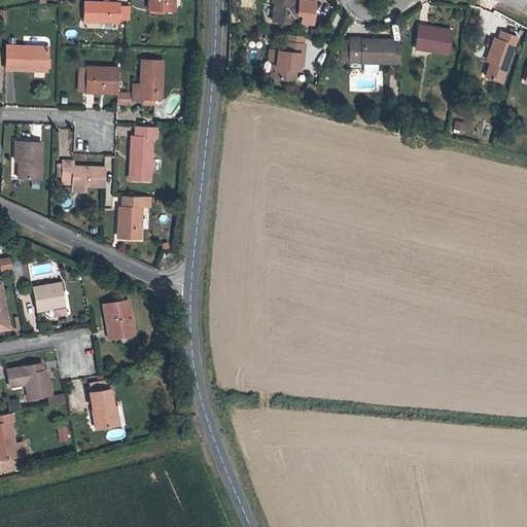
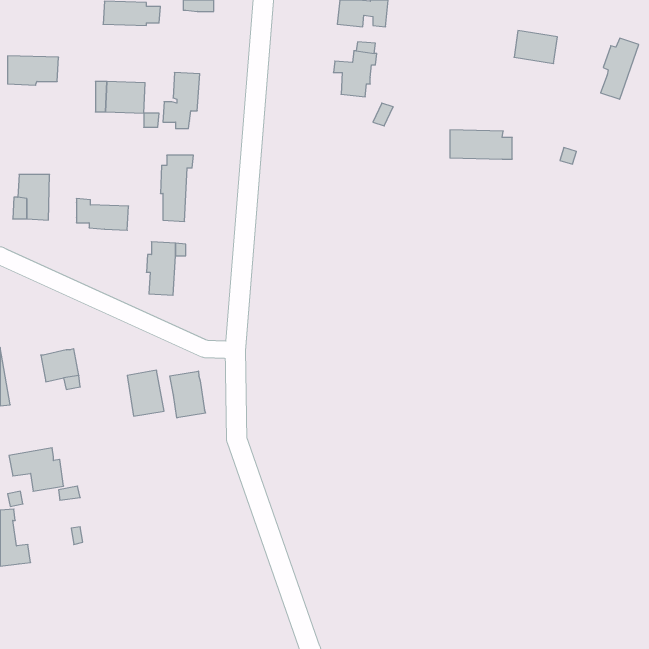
building: [351,39,401,63] -> [450,130,512,159]
building: none -> [170,371,205,418]
building: [90,388,116,428] -> none

